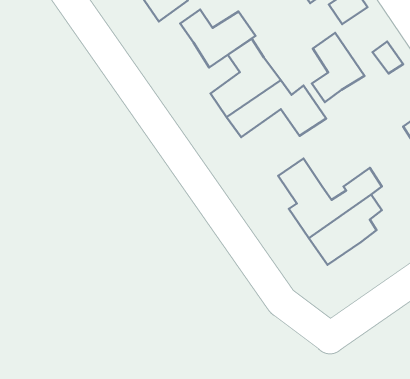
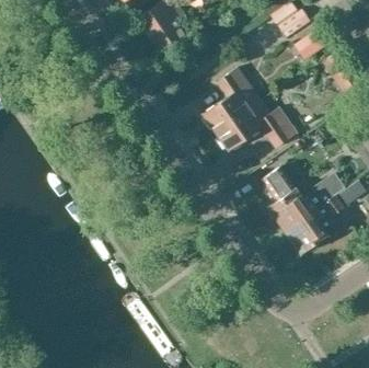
building: [180,10,256,68] -> none
building: [312,33,364,102] -> none

